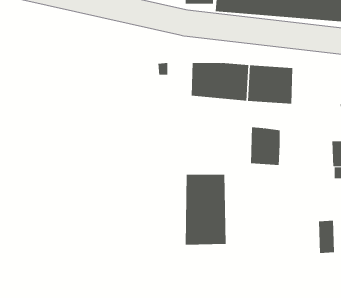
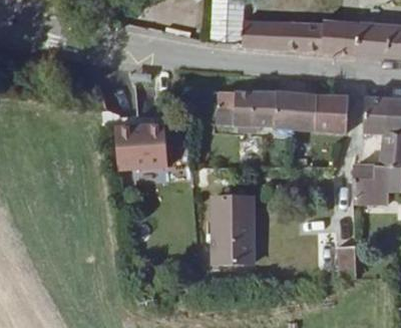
building: none -> [114,122,168,168]
building: [250,127,280,165] -> [318,96,347,133]

